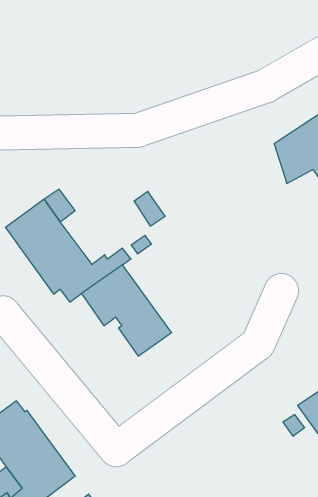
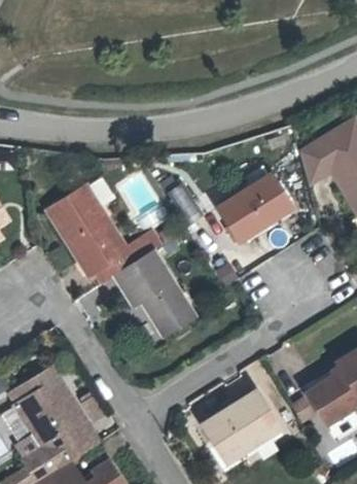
building: none -> [216,167,291,242]
building: none -> [202,391,279,462]

